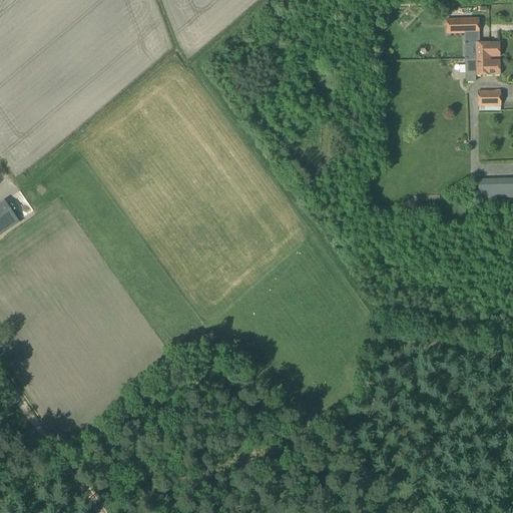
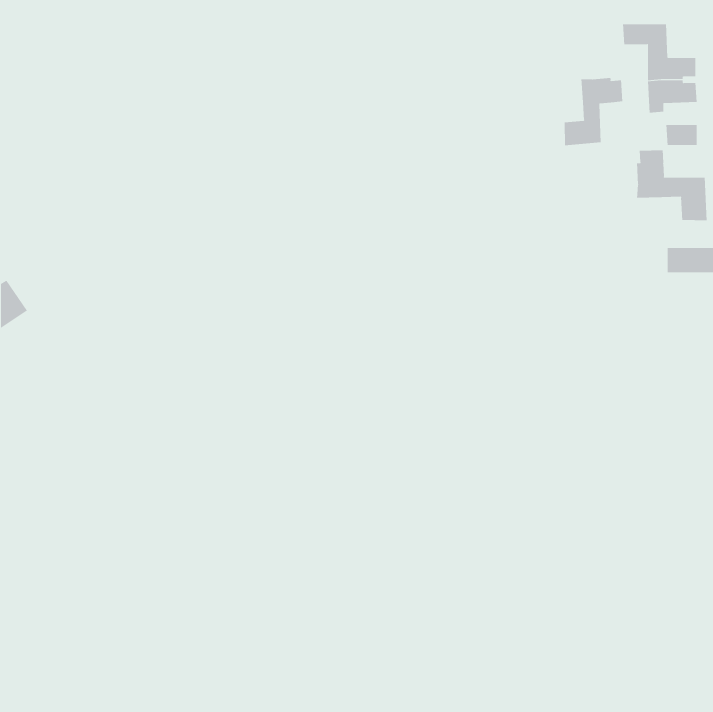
building: none -> [564,77,623,146]
building: none -> [636,149,707,221]

